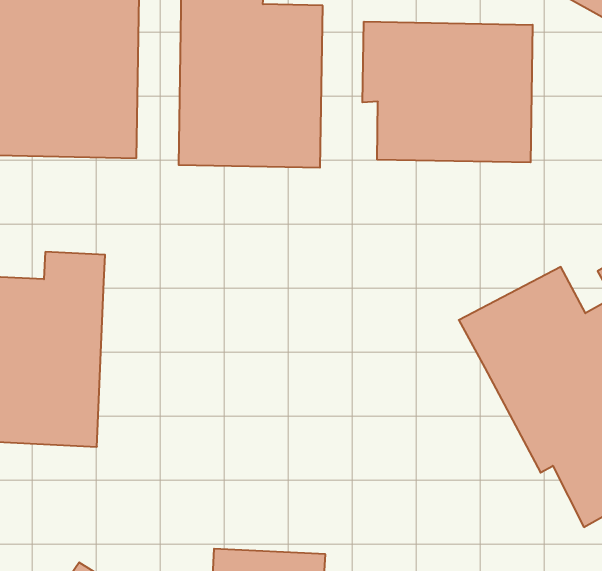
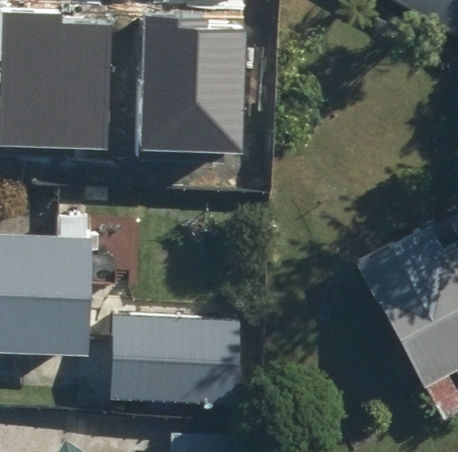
building: [362,22,533,162] -> none
building: none -> [102,339,206,400]

